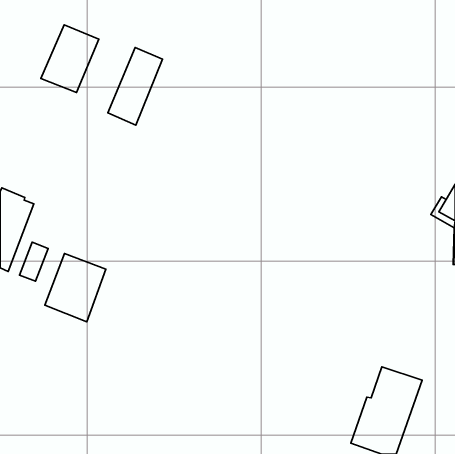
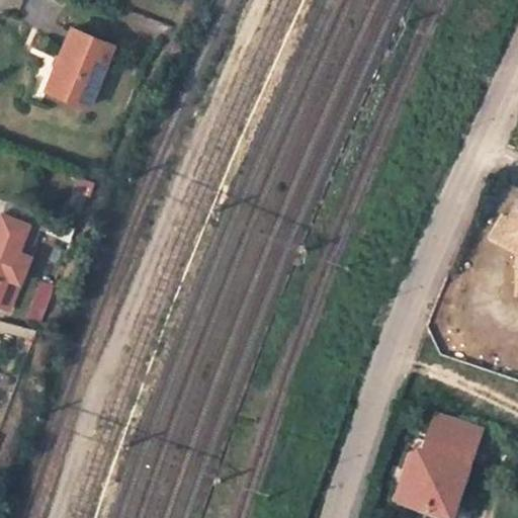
building: [108,47,163,125] -> none
building: [45,253,106,322] -> none

